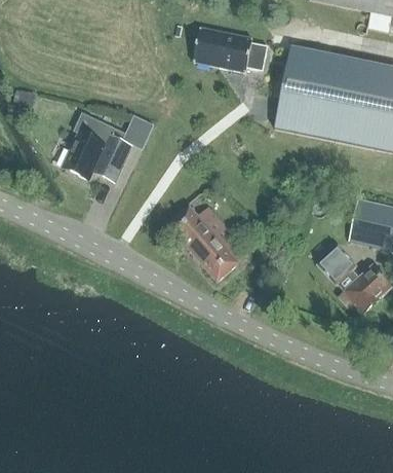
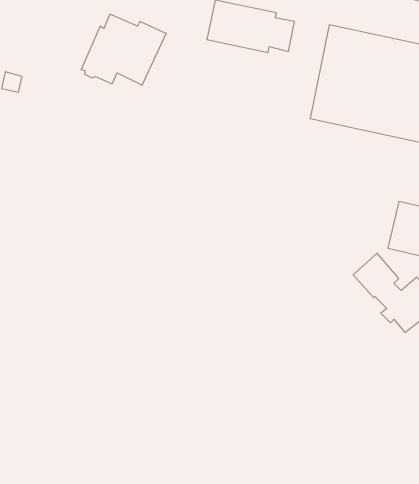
building: [62,119,134,180] -> [81,14,166,85]
building: [168,205,241,280] -> none

